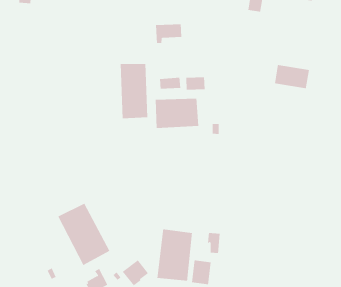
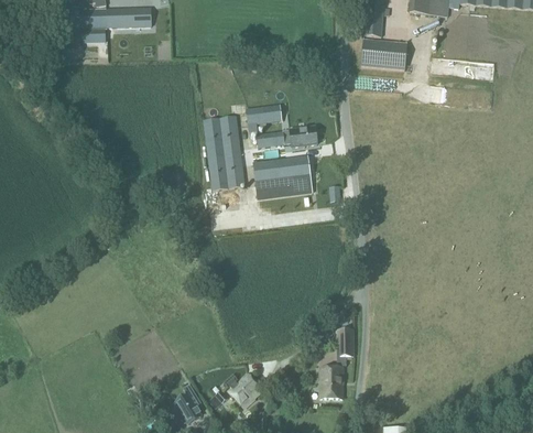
building: [155,24,182,44] -> [246,104,282,132]
building: [274,64,310,89] -> [361,40,406,68]
building: [58,203,110,266] -> none
building: [157,228,193,281] -> none

